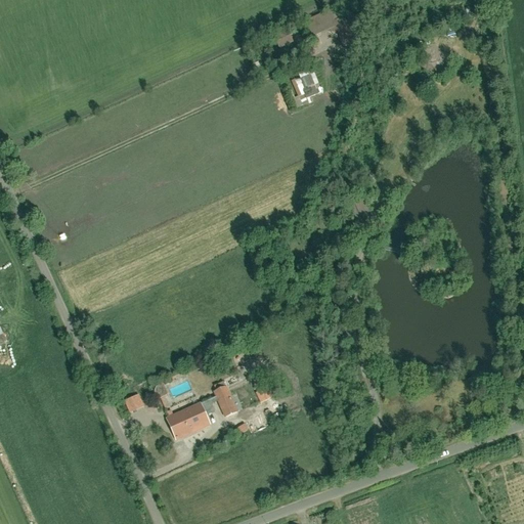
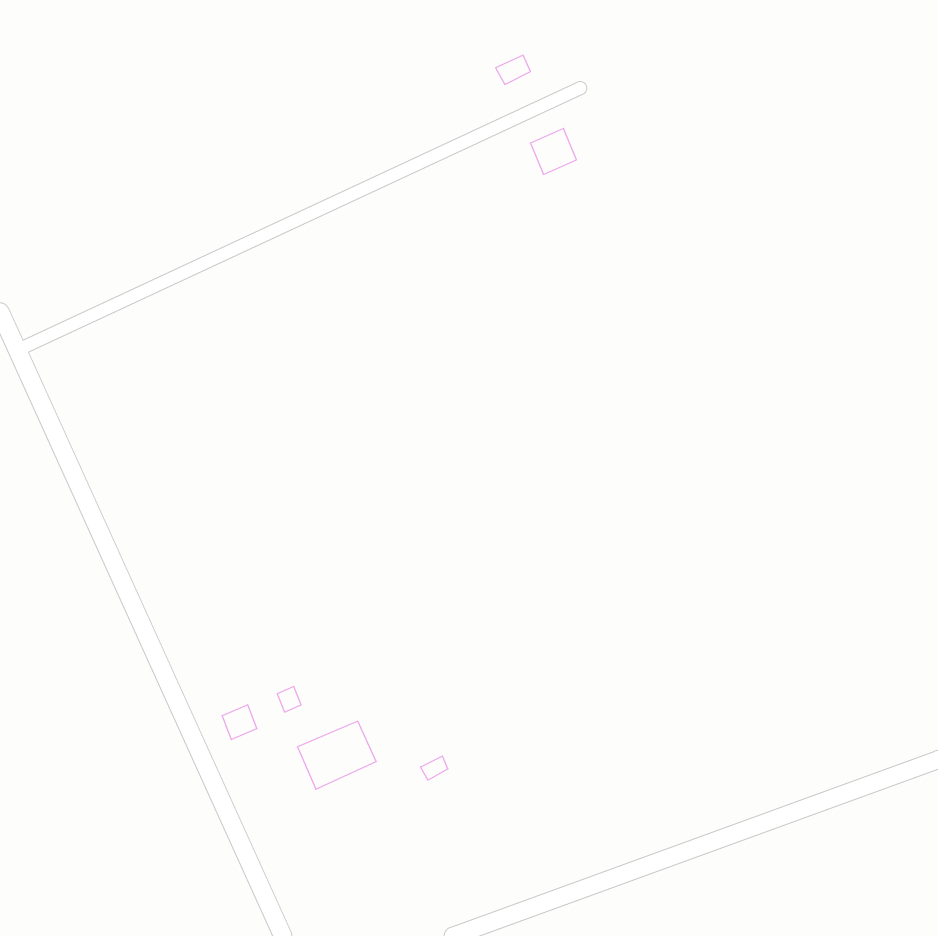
building: [214,385,237,416] -> none

